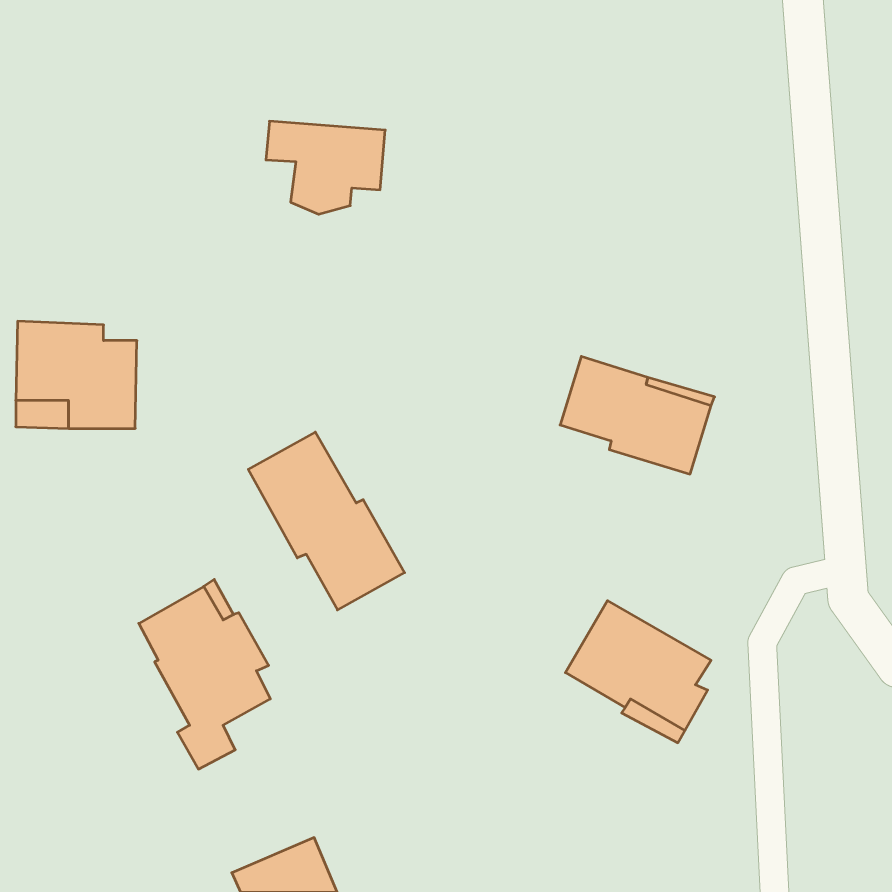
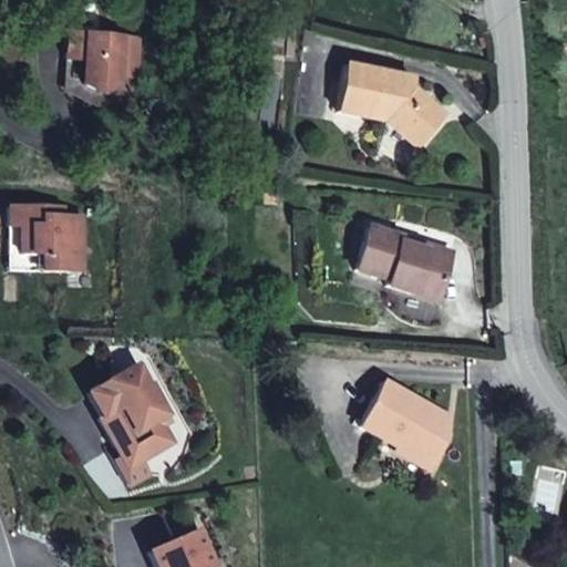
building: none -> [338,63,446,146]
building: [266,121,385,214] -> [69,31,144,90]
building: [248,432,405,610] -> none

